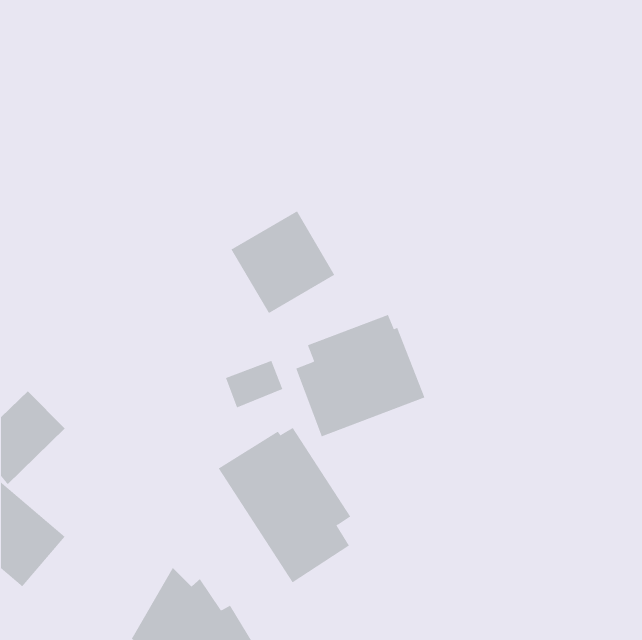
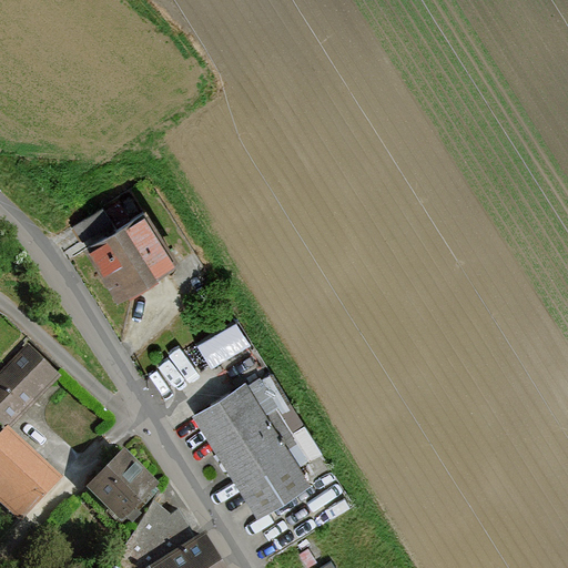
building: [231,211,335,314] -> [81,211,173,302]
building: [295,314,425,437] -> none
building: none -> [89,452,159,521]

